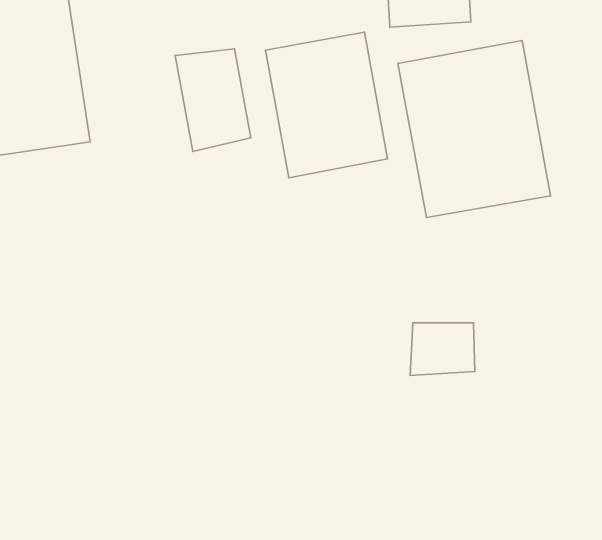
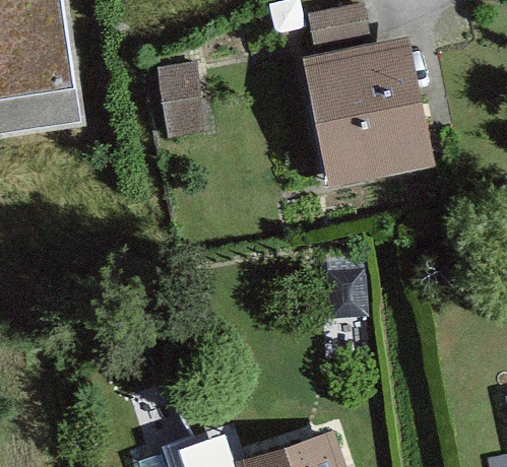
building: [266,32,387,178] -> none

